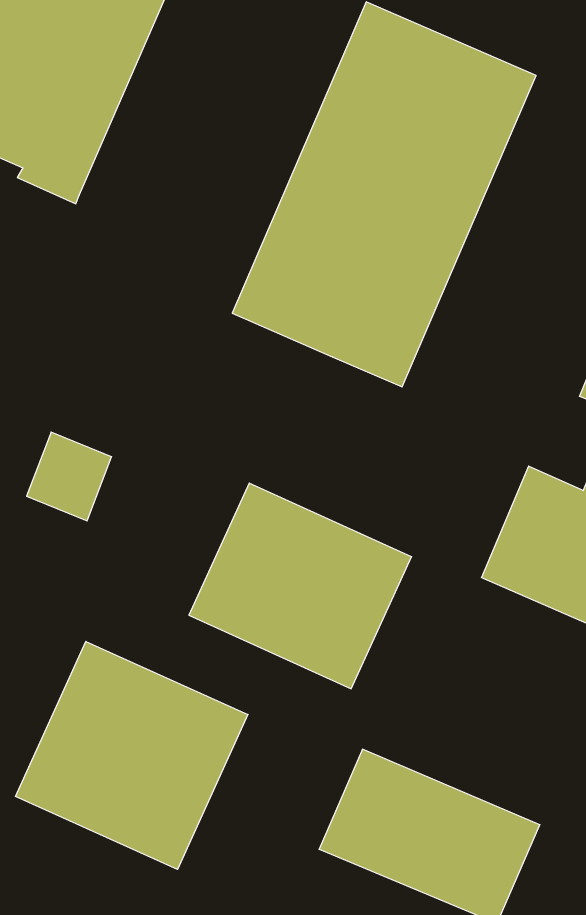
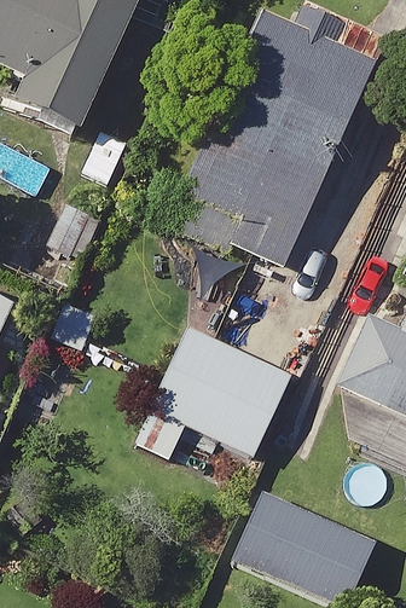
building: [16,641,248,869] -> none

